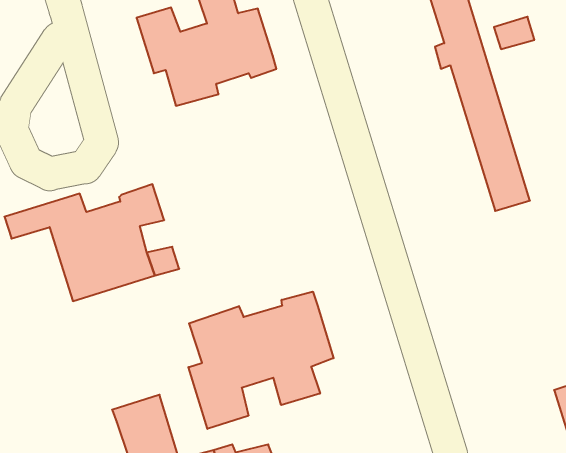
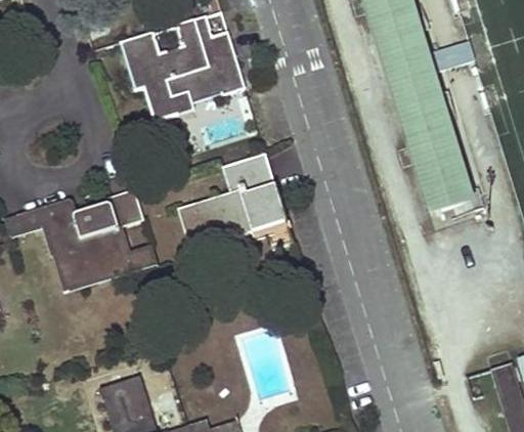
building: none -> [178,152,293,251]
building: [188,292,334,429] -> none

